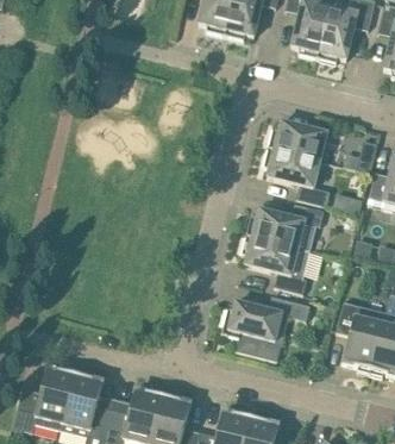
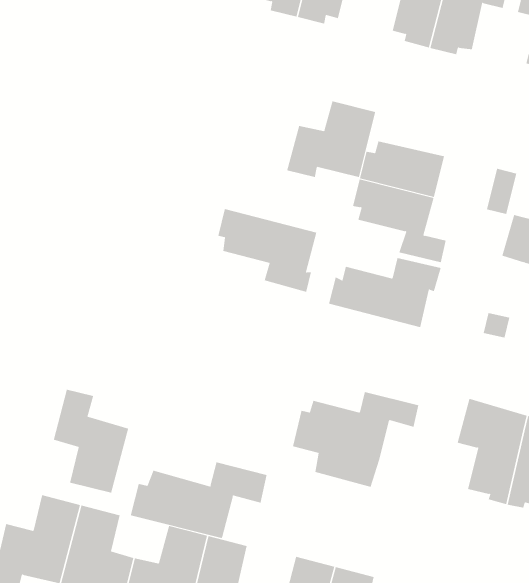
building: none -> [287,101,376,178]
building: [242,233,311,292] -> [217,208,317,292]
building: none -> [53,389,129,494]
building: none -> [130,461,267,539]

